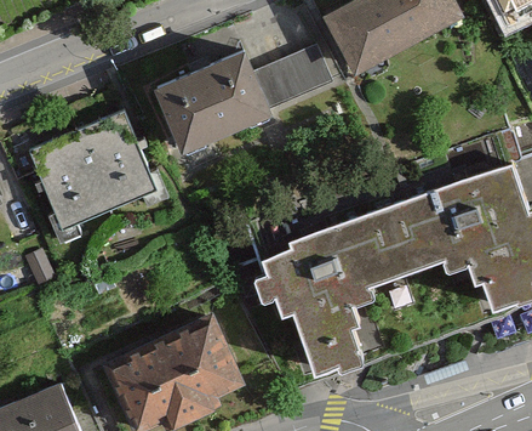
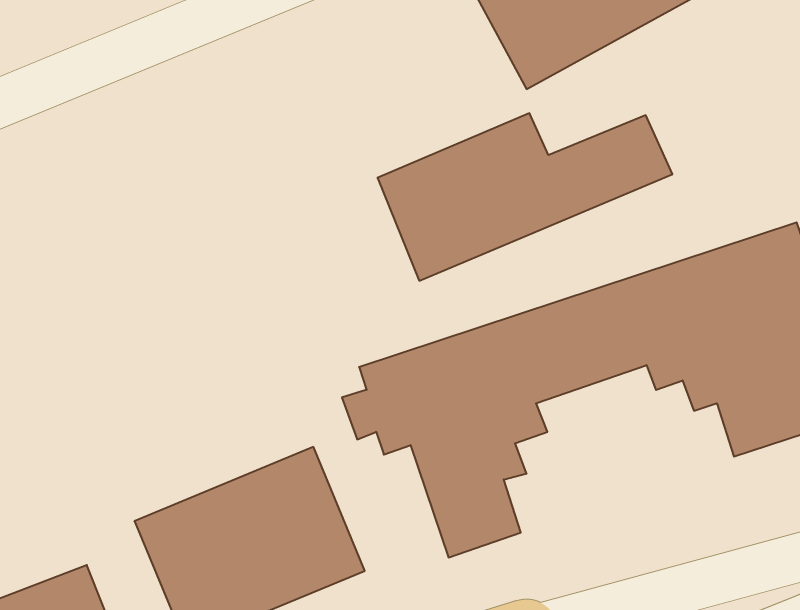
building: [145,51,333,158] -> [377,113,672,281]
building: [28,106,155,225] -> none

